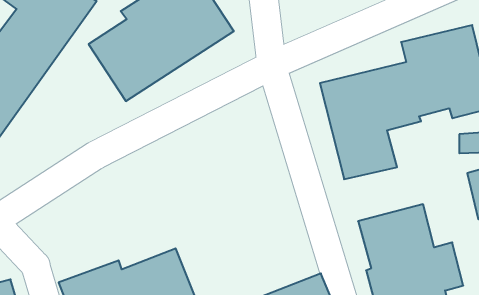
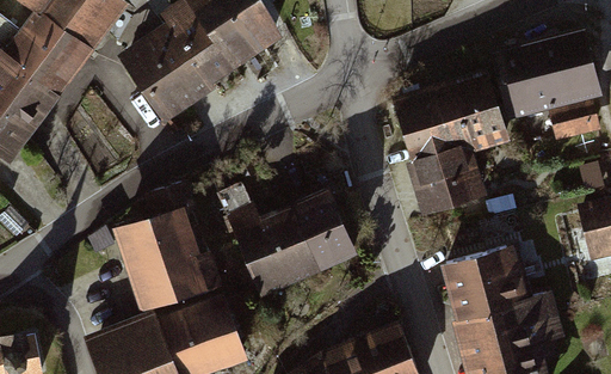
building: none -> [226,192,362,301]
building: none -> [112,206,221,312]

